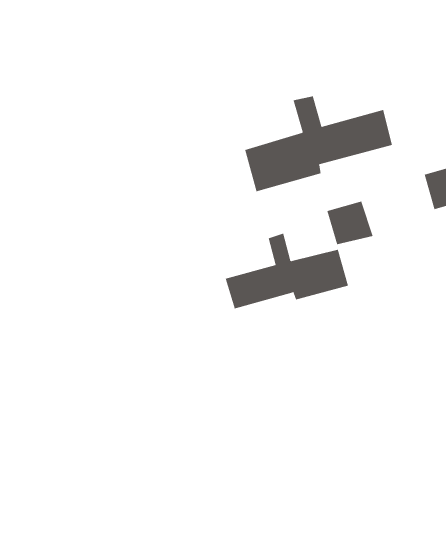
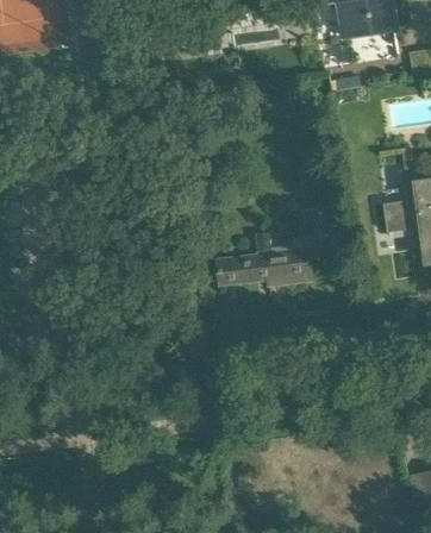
building: [245,96,392,192] -> none

